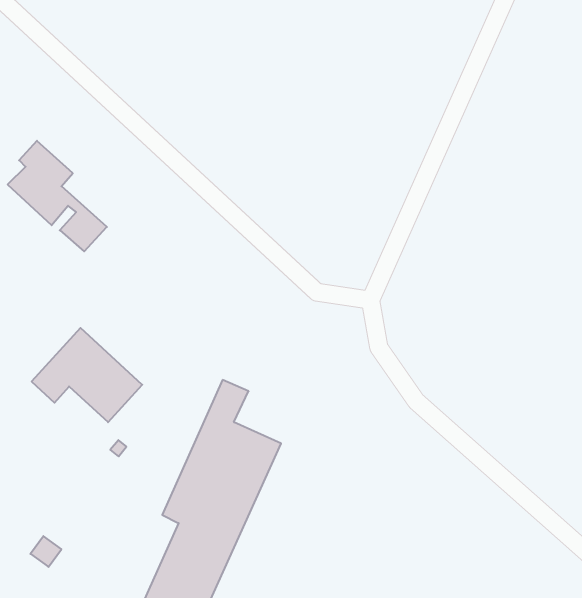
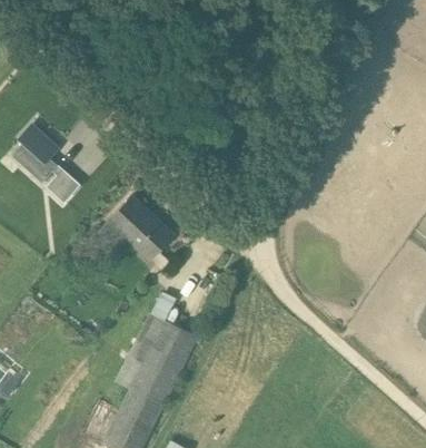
building: [32,328,142,422] -> [98,196,174,261]

